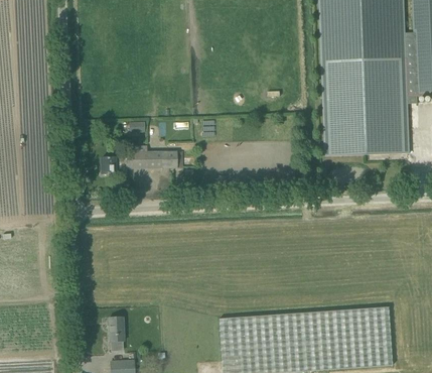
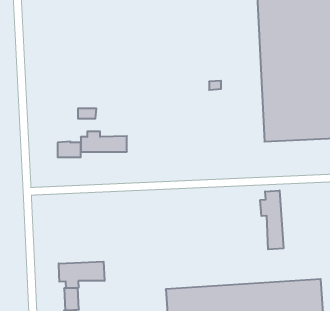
building: none -> [260,190,283,249]
building: none -> [59,262,104,288]

